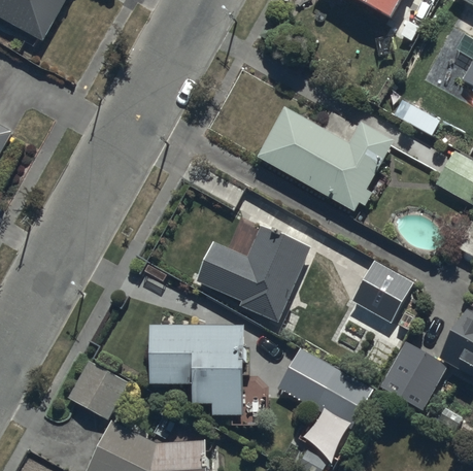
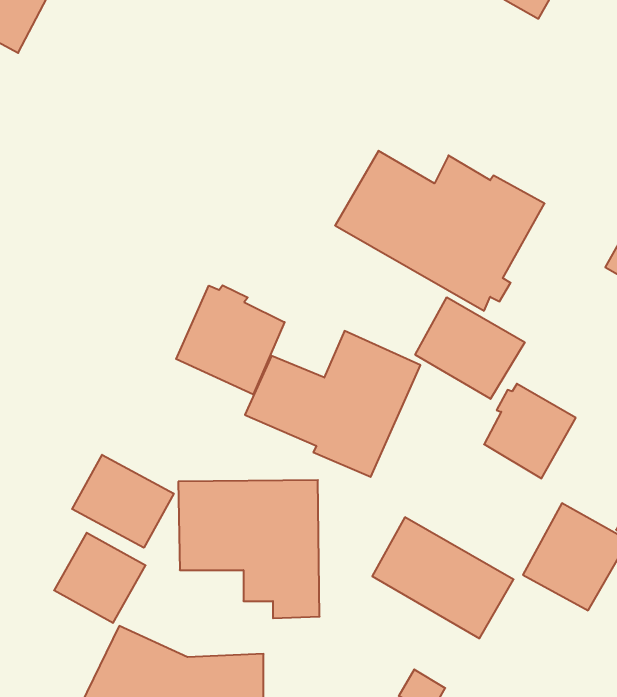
building: none -> [176,285,285,395]
building: none -> [415,297,525,399]
building: none -> [72,455,174,548]

